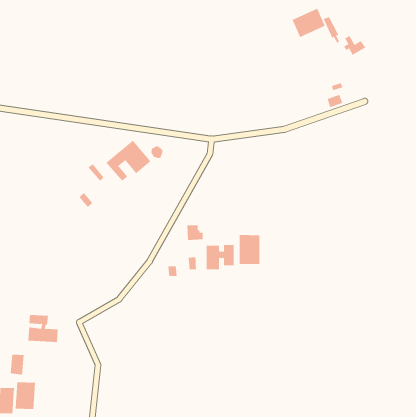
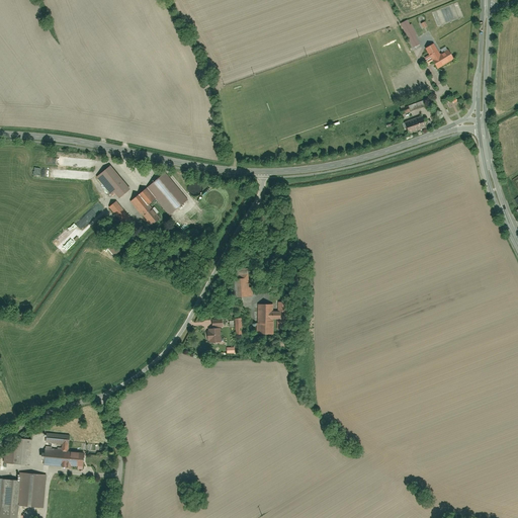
building: [292,8,325,38] -> none
building: none -> [95,166,130,197]
building: [239,234,260,265] -> none
building: [28,315,59,342] -> [44,433,82,467]

